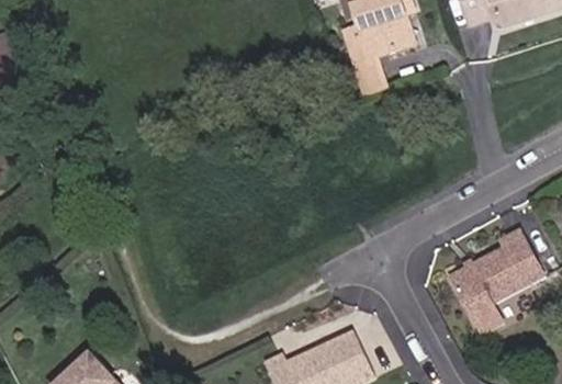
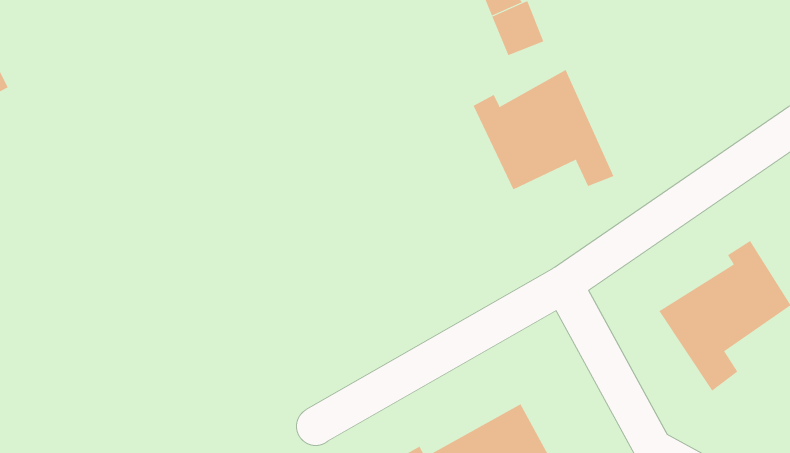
building: none -> [473,69,614,190]

